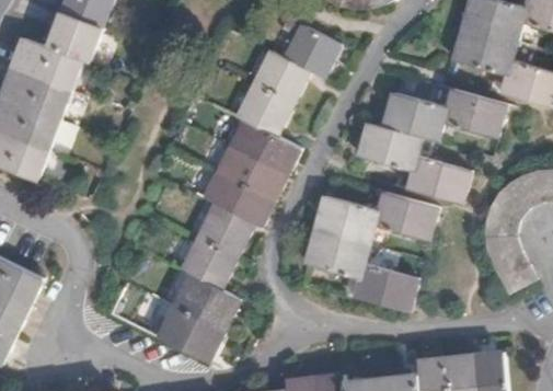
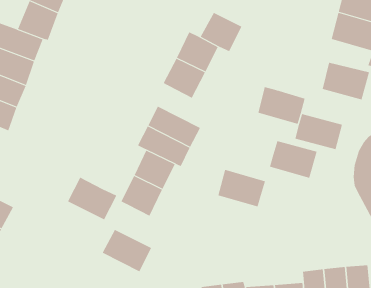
building: [384,91,447,140] -> none
building: [230,119,299,174] -> none
building: [316,193,379,243] -> none
building: [355,262,417,311] -> none
building: [174,274,239,330] -> [67,177,117,220]

